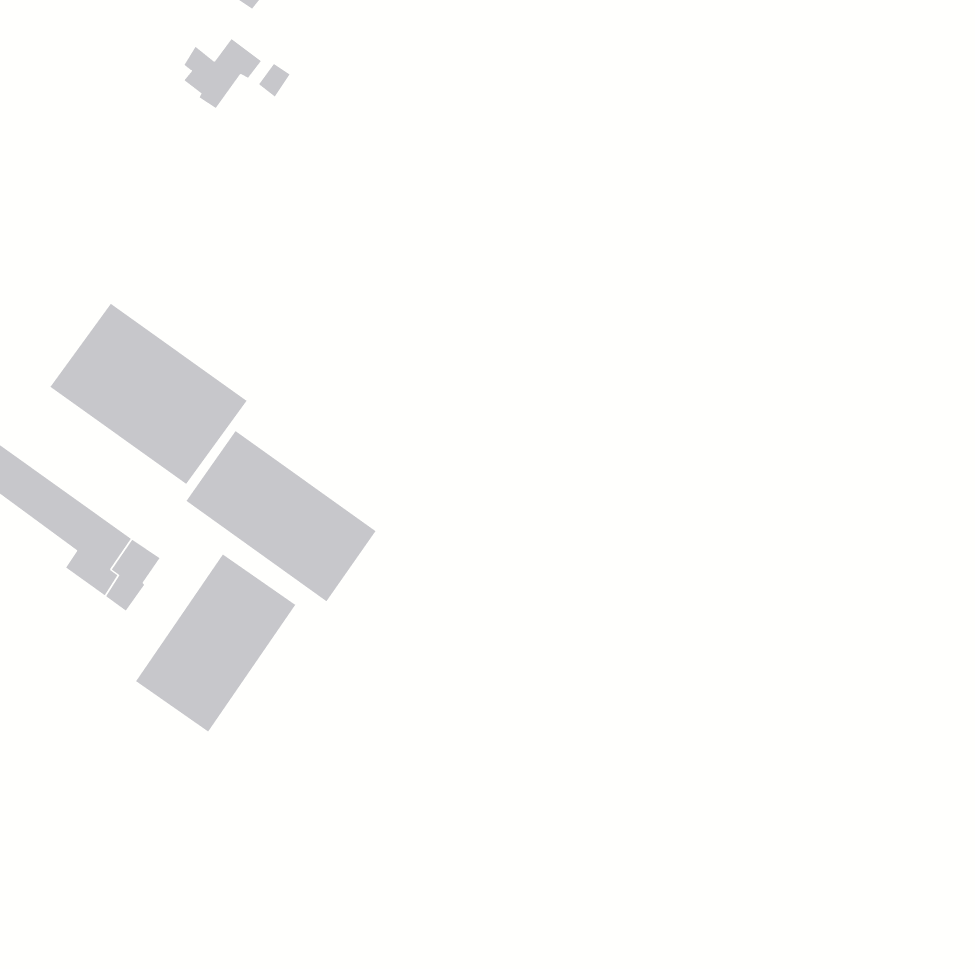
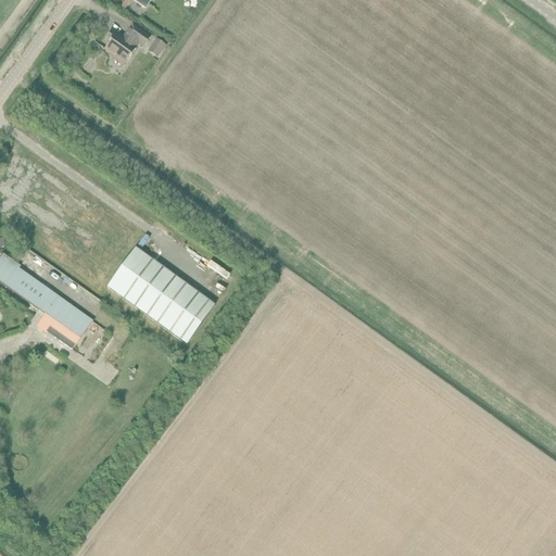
building: [49,303,247,485] -> none
building: [135,553,296,732] -> none

